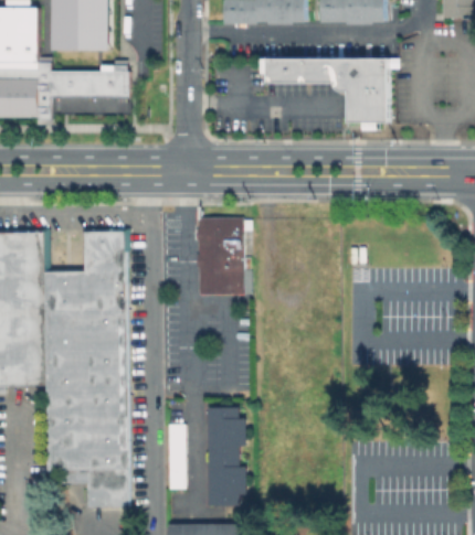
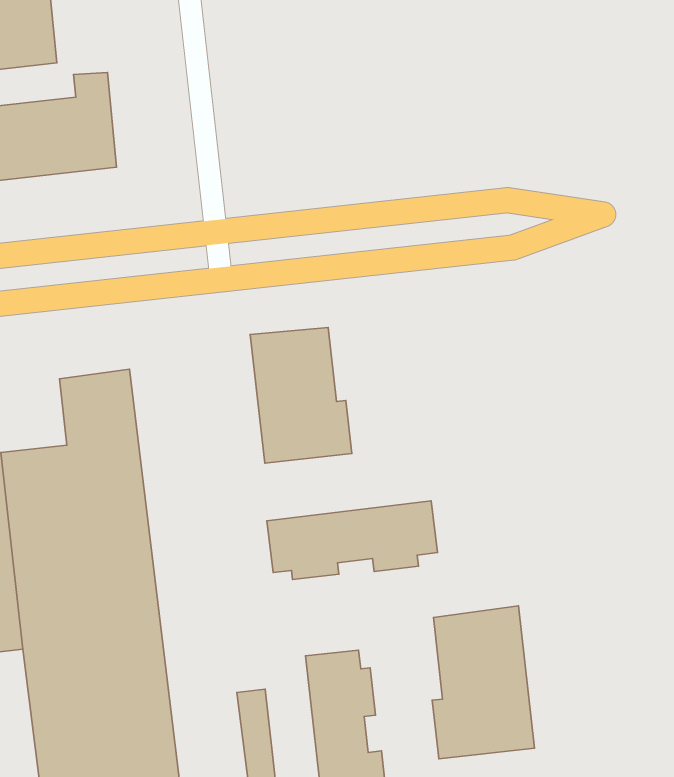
building: [258,57,390,128] -> none
building: none -> [267,501,437,580]
building: none -> [432,606,535,759]

